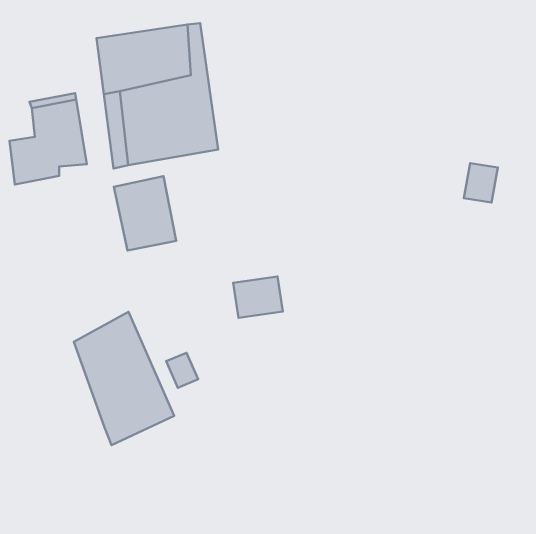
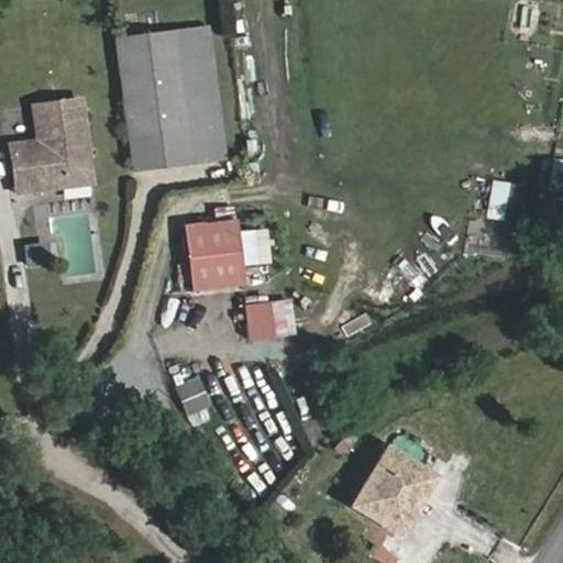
building: [114,176,176,250] -> [190,218,255,295]
building: [74,312,174,445] -> none
building: none -> [357,456,441,547]

